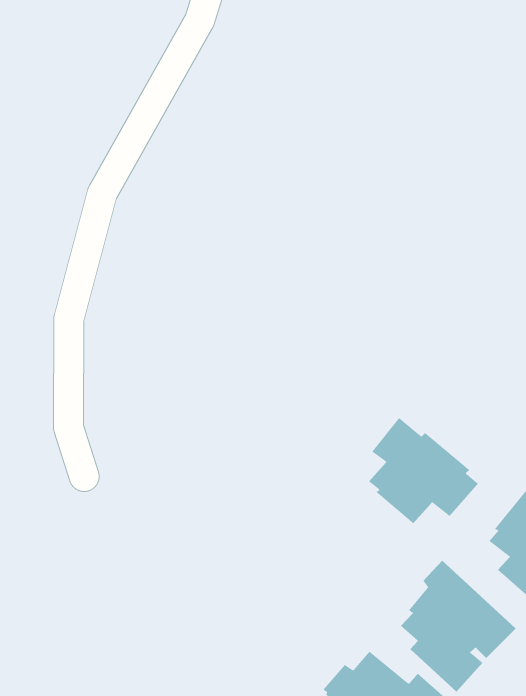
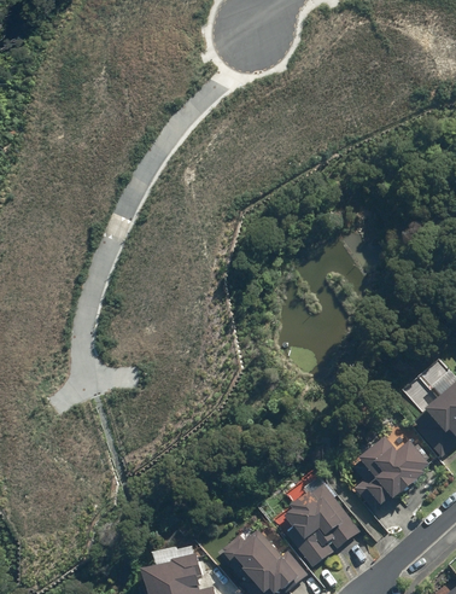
building: [368,417,479,524] -> none

